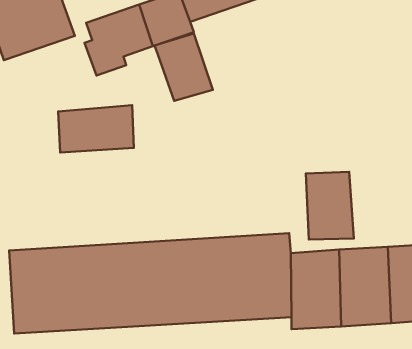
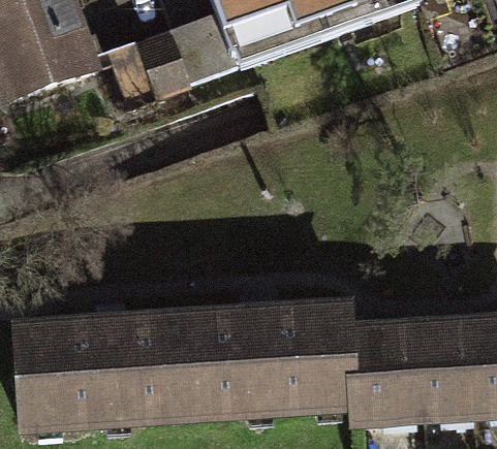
building: [155,34,213,101] -> none
building: [58,105,134,152] -> none
building: [306,172,354,240] -> none

